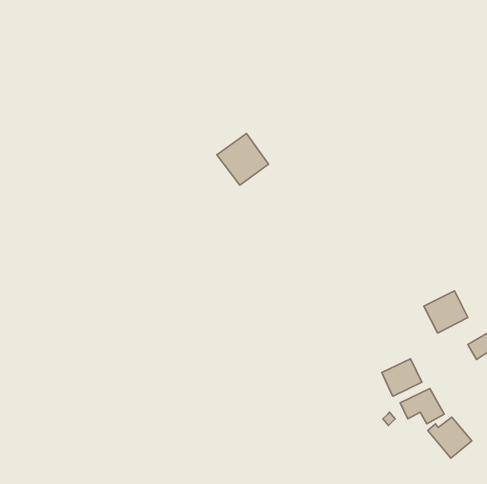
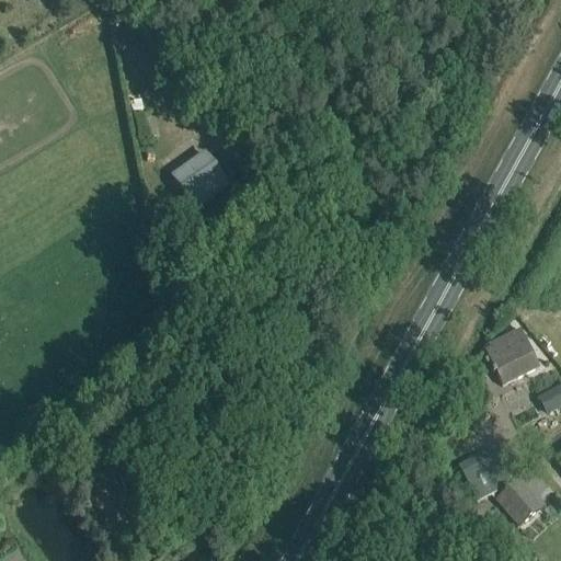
building: [217,134,269,185] -> [171,148,230,207]
building: [382,359,422,396] -> none

